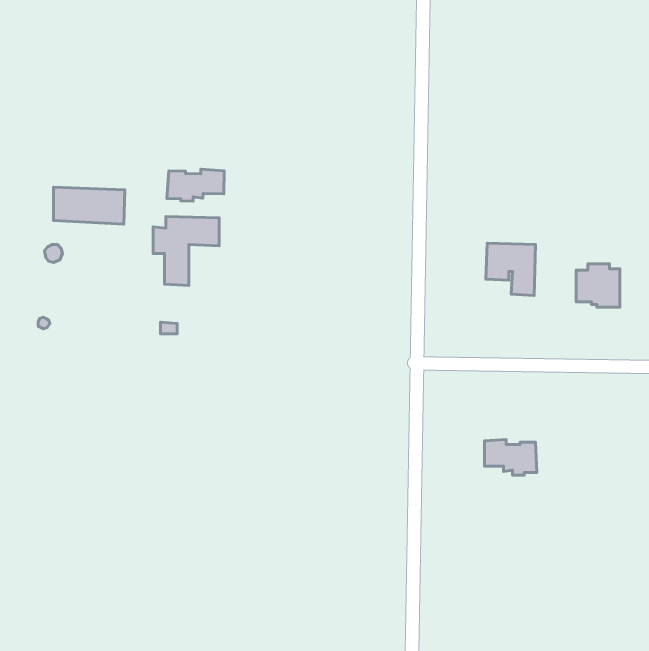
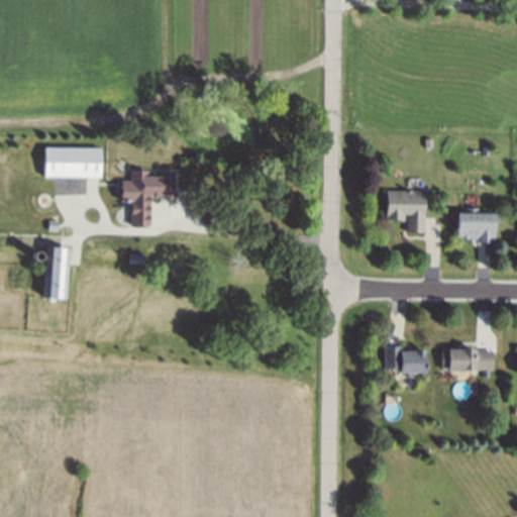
building: [167,169,224,201] -> none
building: none -> [45,247,72,301]
building: none -> [443,345,493,372]

